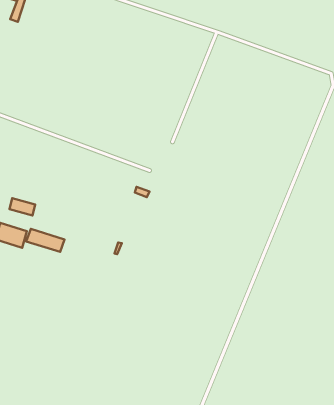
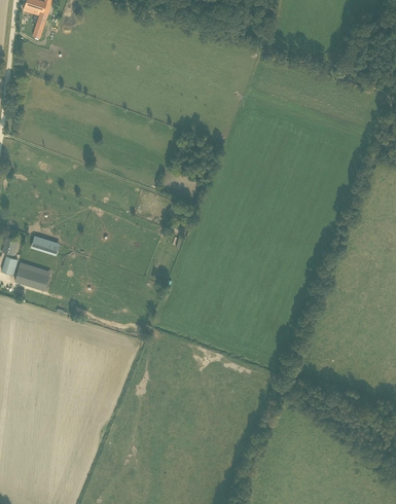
building: [26,229,65,252] -> none

